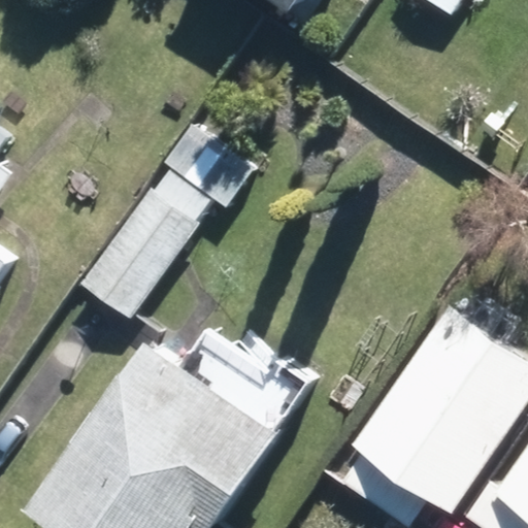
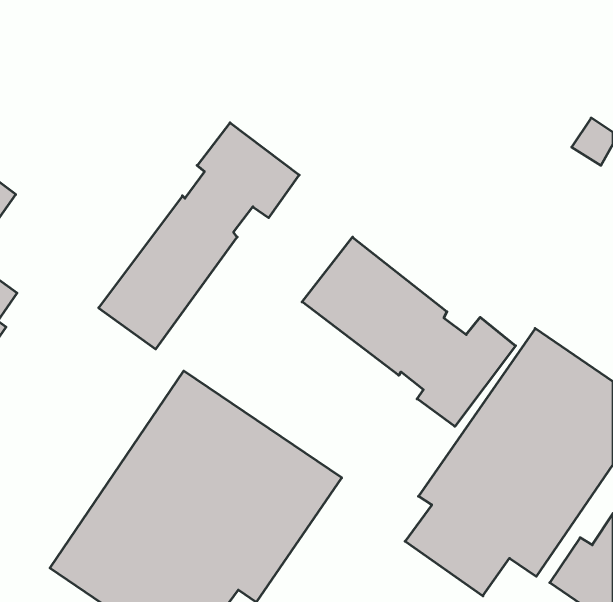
building: none -> [302,237,516,426]

